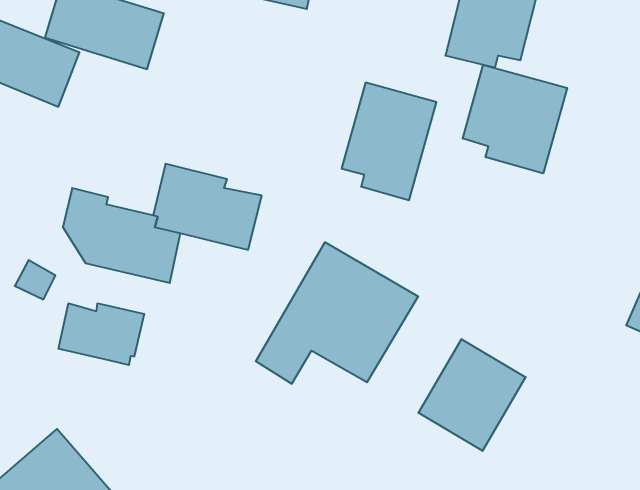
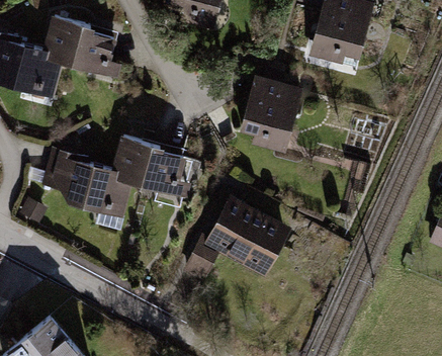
building: [463,65,567,173] -> none
building: [58,303,144,365] -> none
building: [418,339,526,451] -> none

